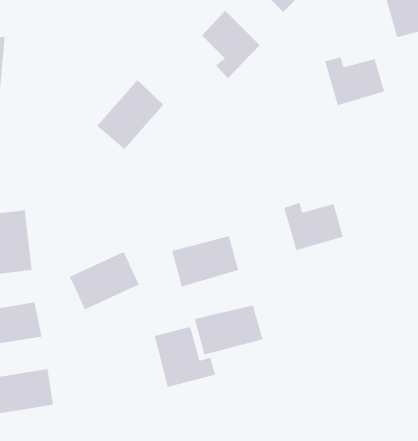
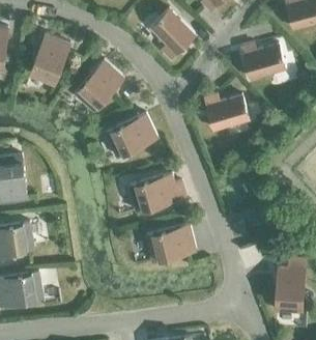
building: none -> [29,34,69,86]
building: [283,202,344,251] -> [204,94,249,131]
building: [69,251,140,310] -> [105,114,156,158]
building: [154,326,216,388] -> none
building: none -> [275,266,305,313]

